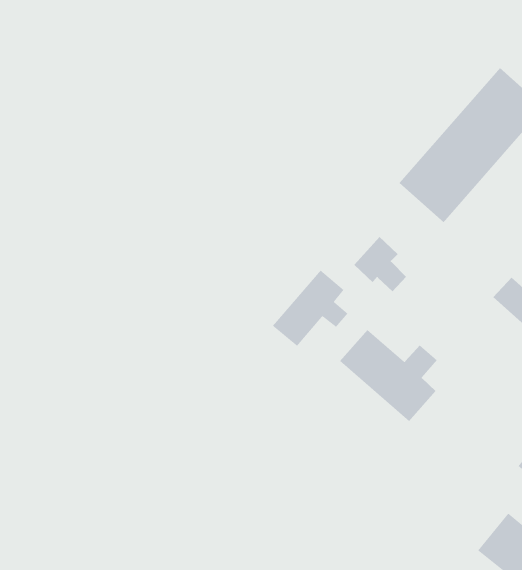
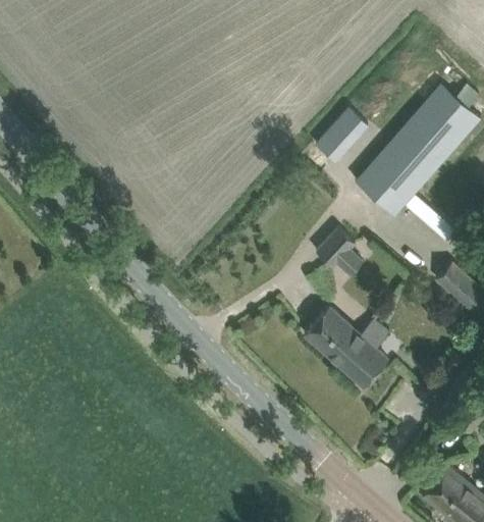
building: none -> [313,107,367,162]
building: [272,269,348,347] -> none

